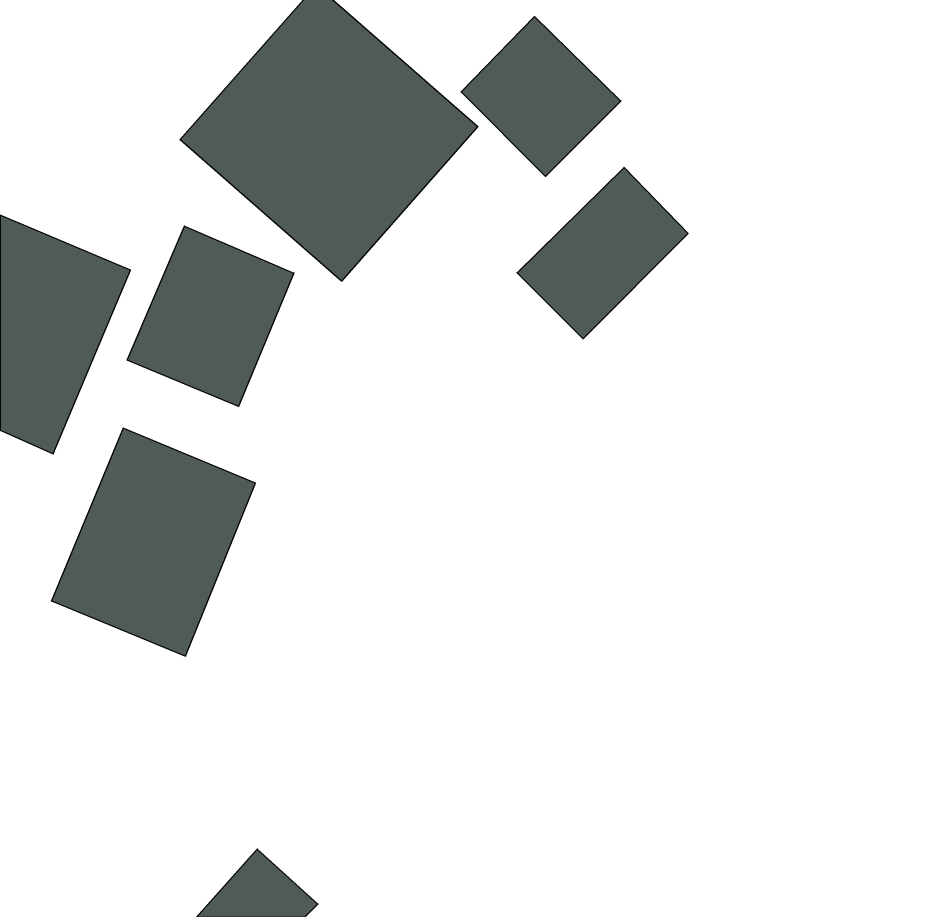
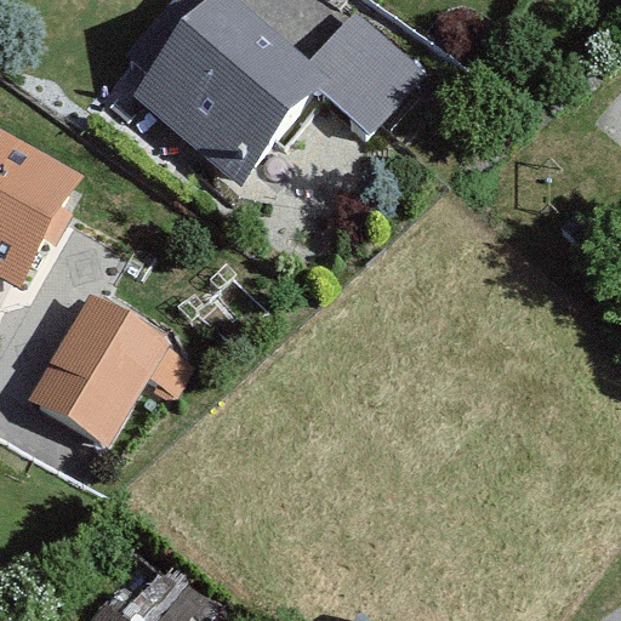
building: [517,167,688,339] -> none
building: [127,226,294,406] -> none

